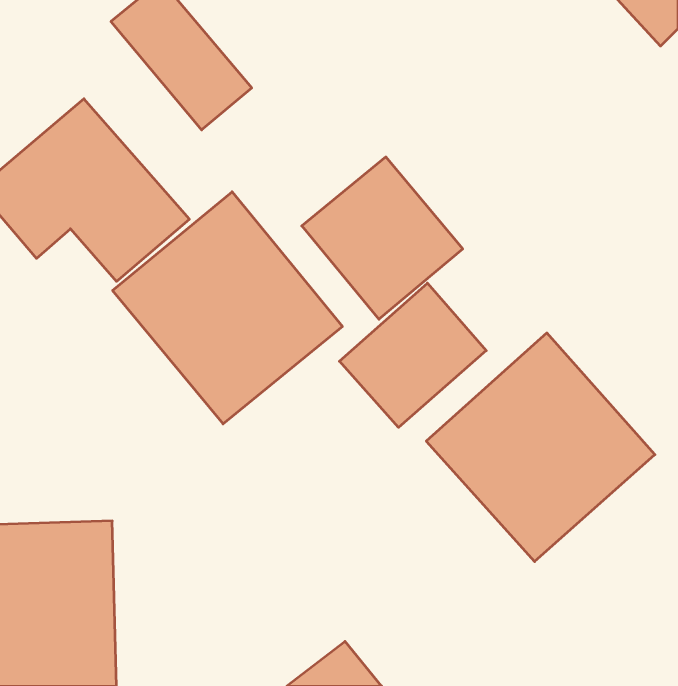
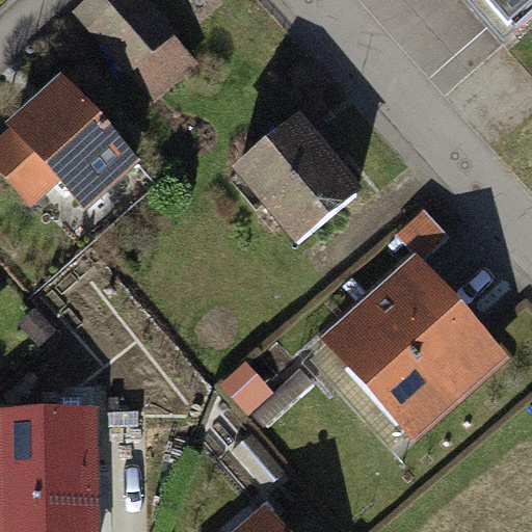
building: [113,192,342,424] -> none
building: [339,283,486,427] -> none

